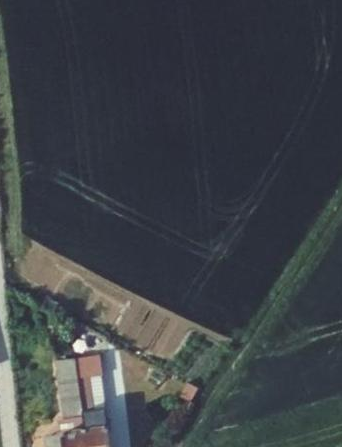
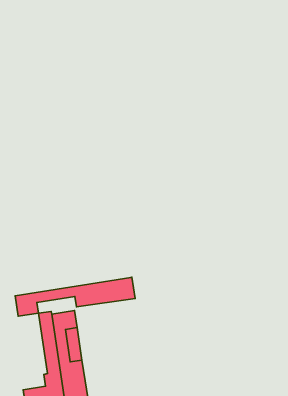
building: none -> [15,277,135,316]

